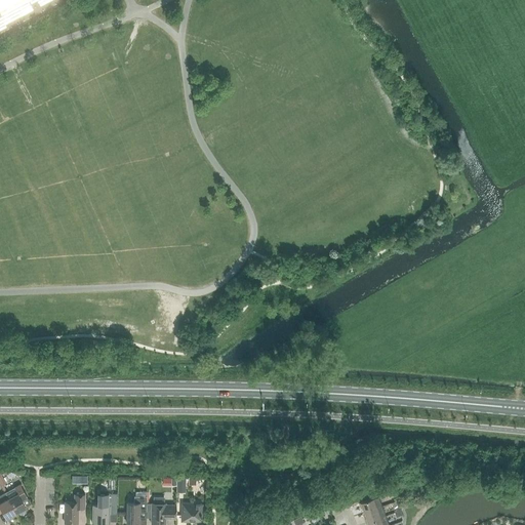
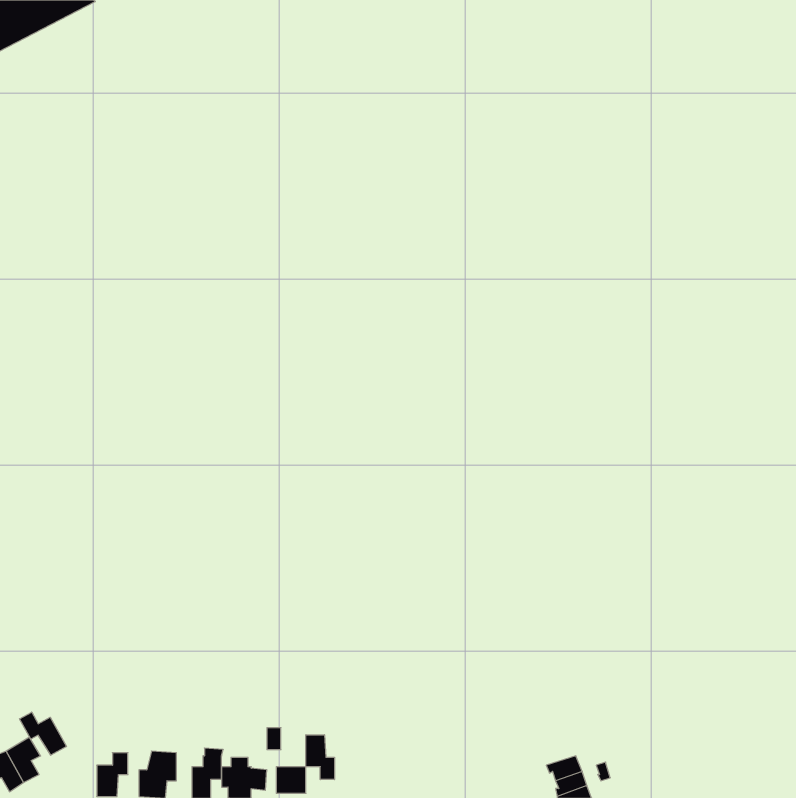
building: none -> [20,712,66,755]
building: none -> [306,735,334,780]

